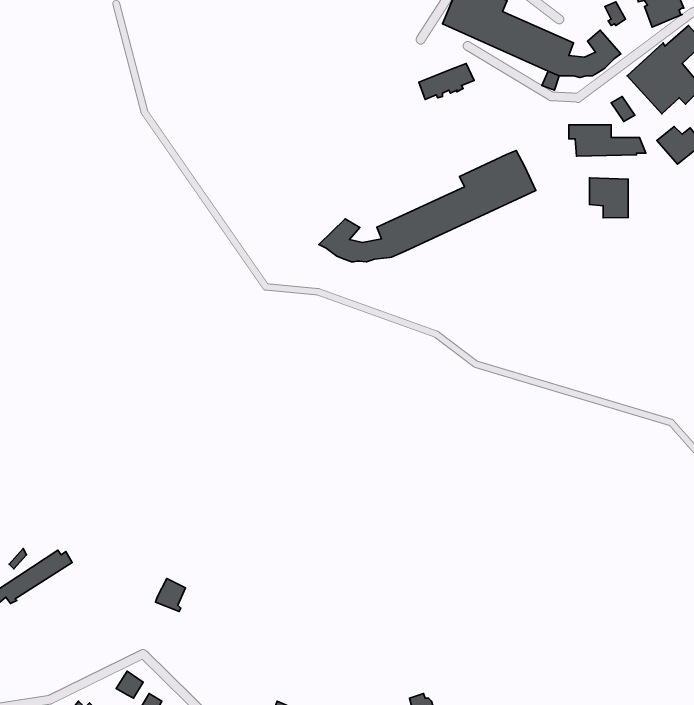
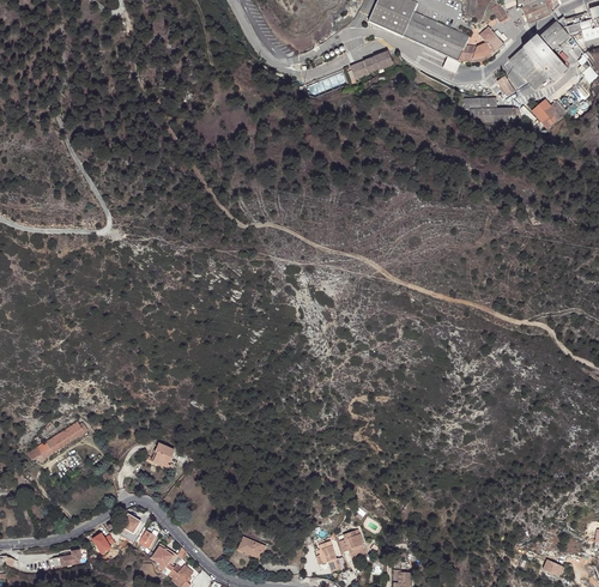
building: [319,150,536,262] -> none
building: [589,178,628,218] -> none

